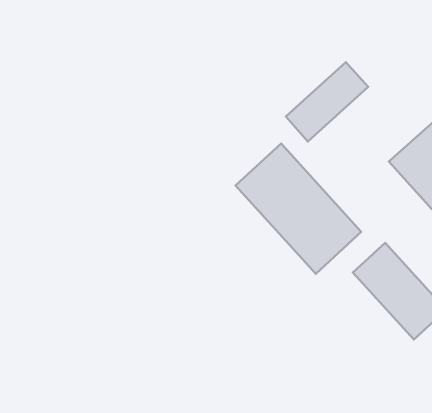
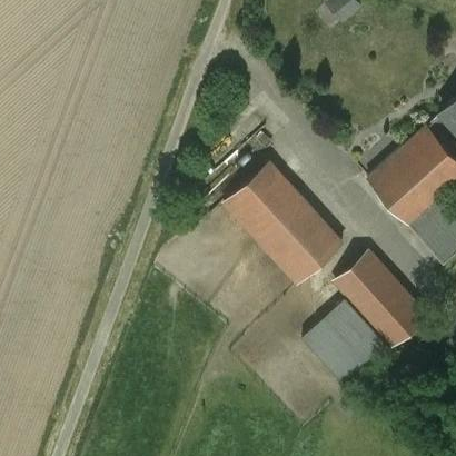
building: [286,62,368,141] -> none
building: none -> [303,299,393,388]

